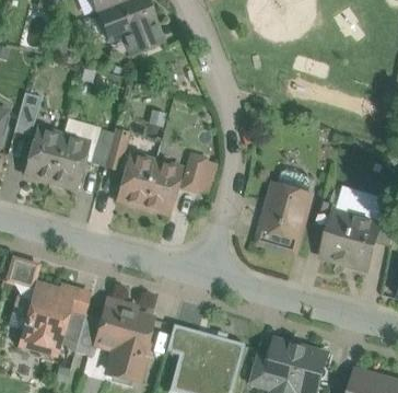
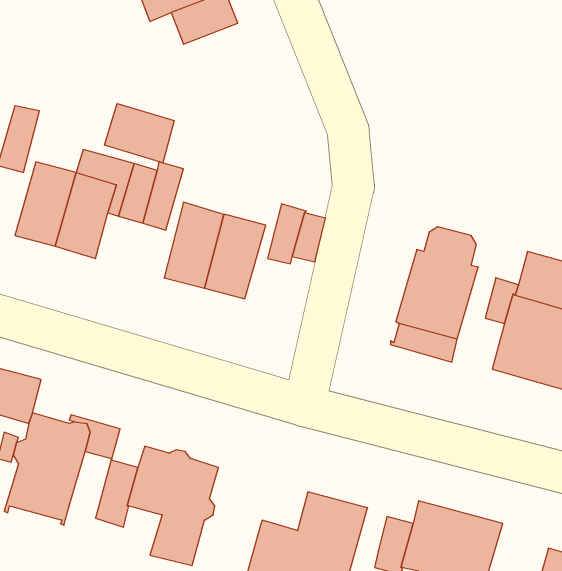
building: none -> [105,104,174,163]
building: [58,309,84,350] -> none
building: [165,324,207,358] -> none

